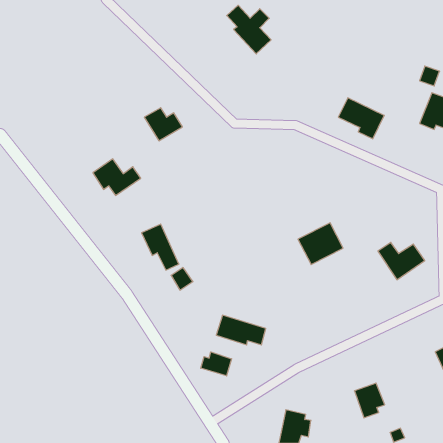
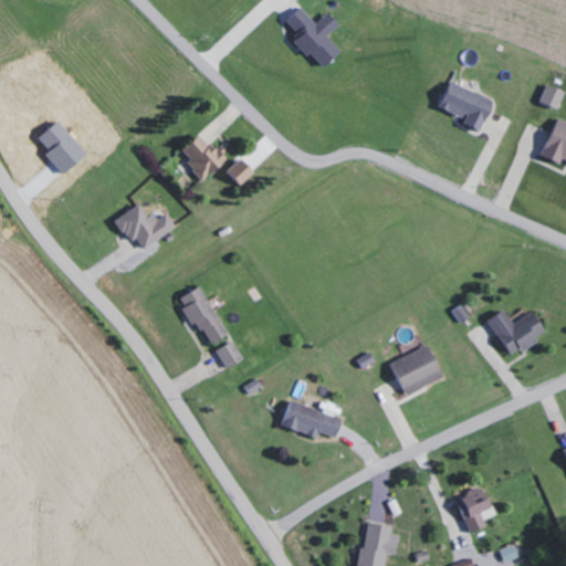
building: none -> [42,119,92,175]
building: [338,98,384,139] -> [433,81,492,133]
building: none -> [228,156,260,187]
building: [298,223,343,265] -> [384,344,441,397]
building: [201,352,232,376] -> none

